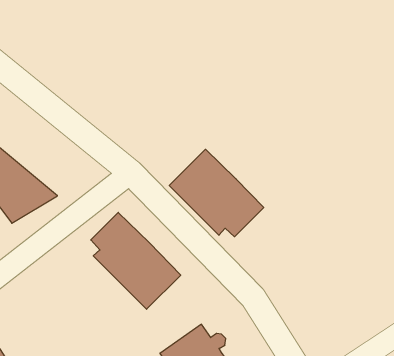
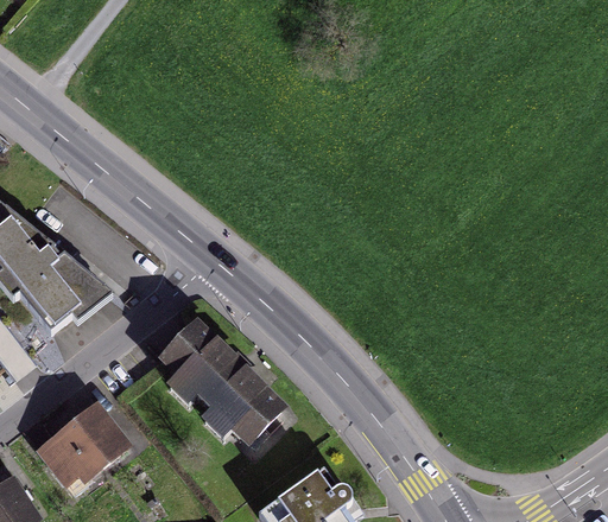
building: [169,149,264,237] -> none
building: none -> [39,402,128,489]

